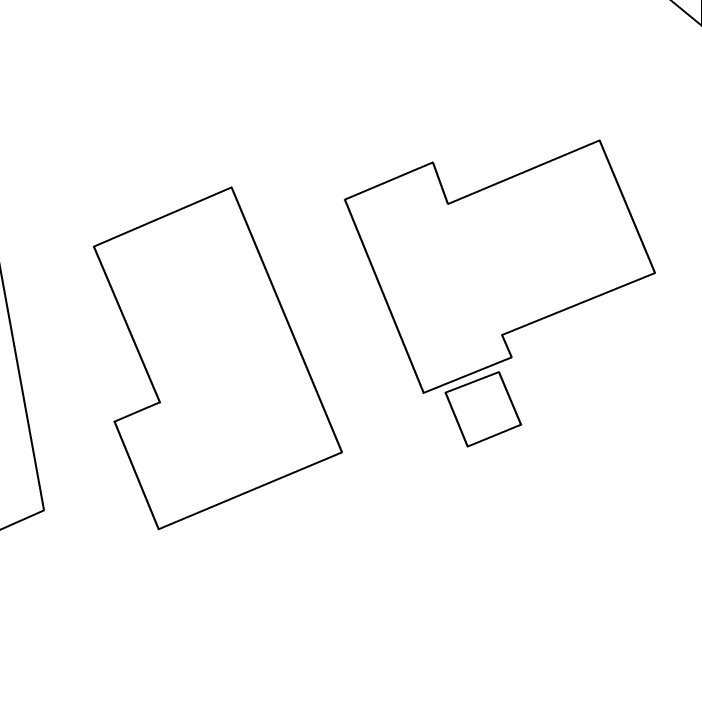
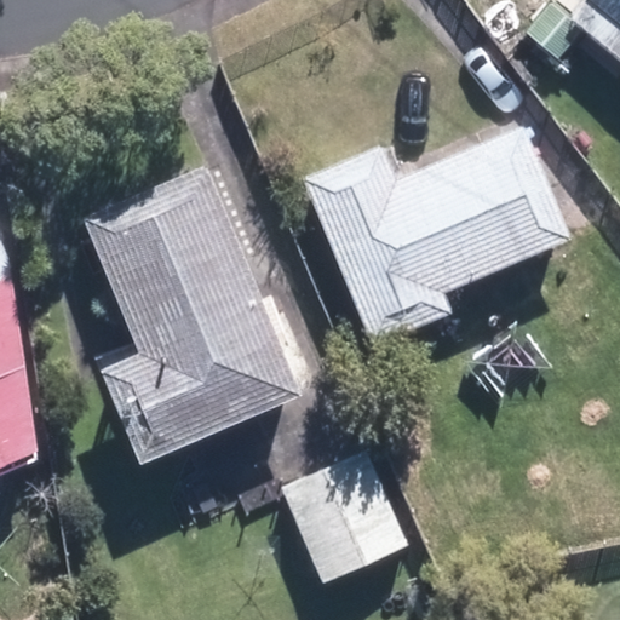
building: none -> [282,447,413,590]

